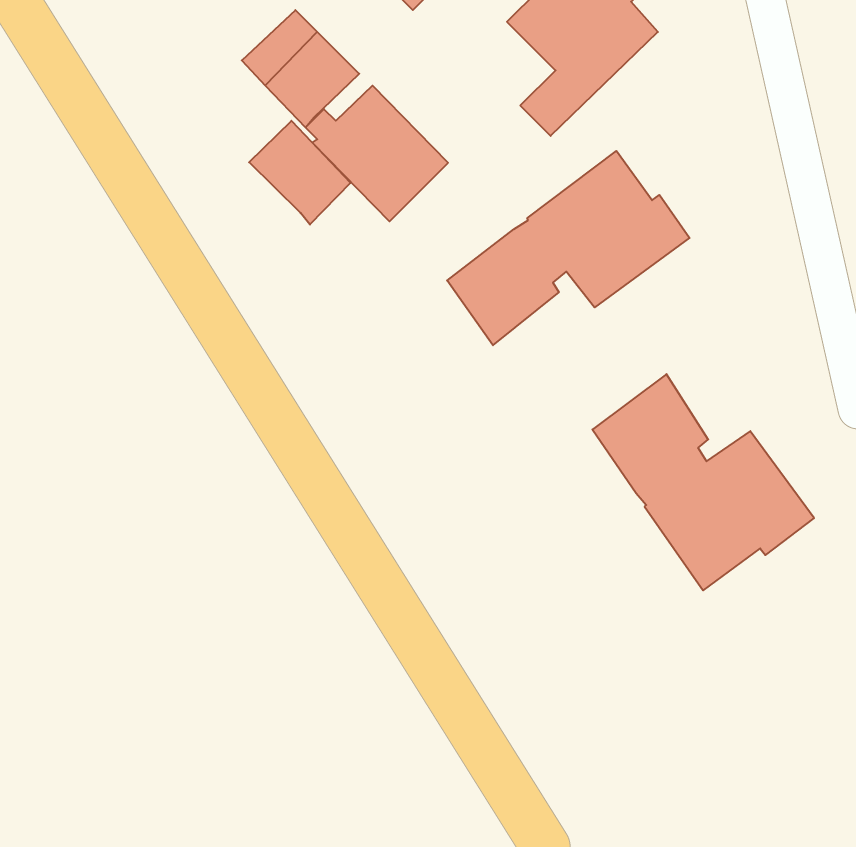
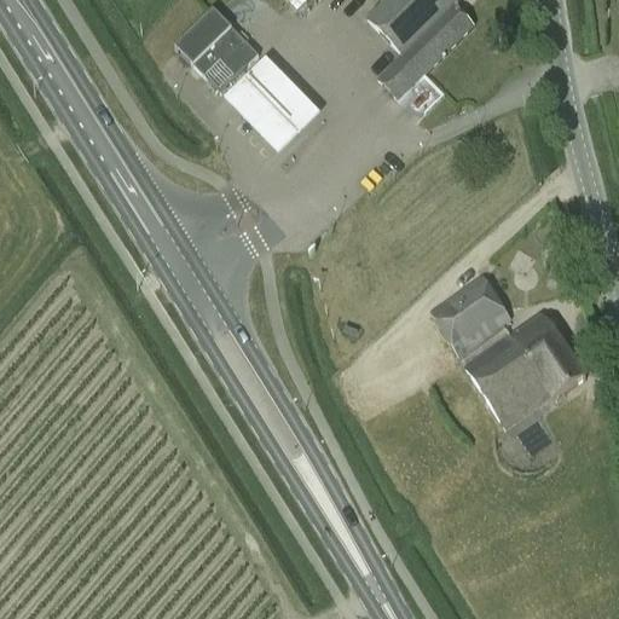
building: [249,121,351,225] -> none
building: [447,151,690,345] -> none

